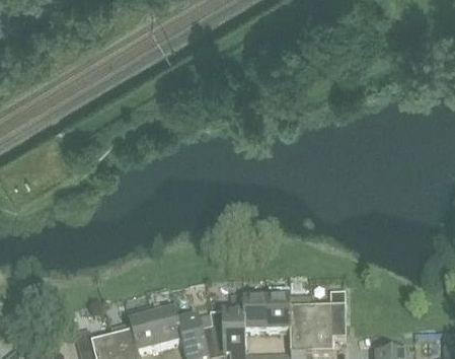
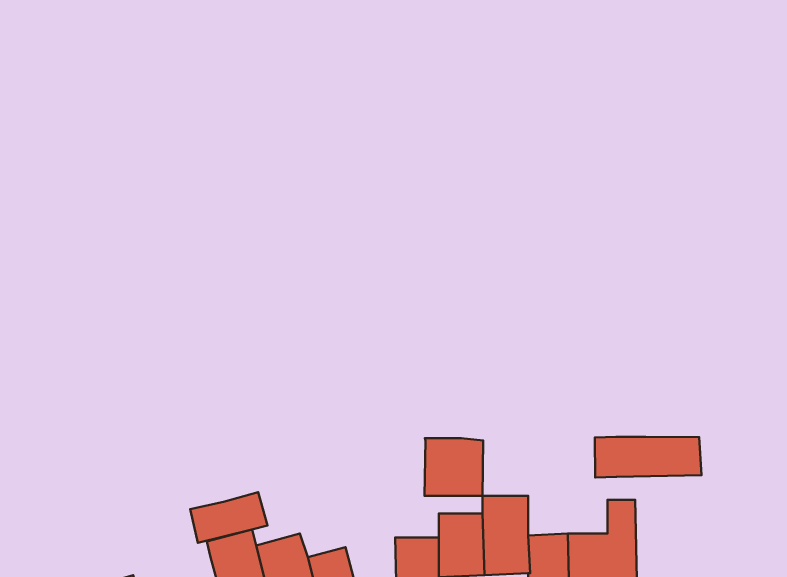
building: none -> [595,437,701,477]
building: none -> [424,438,483,496]
building: none -> [190,492,267,543]

